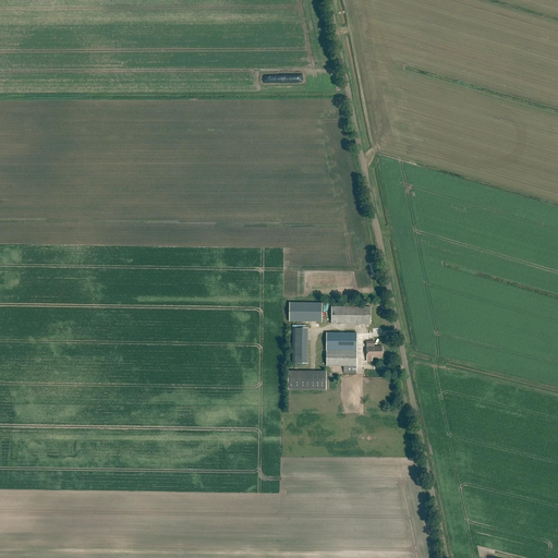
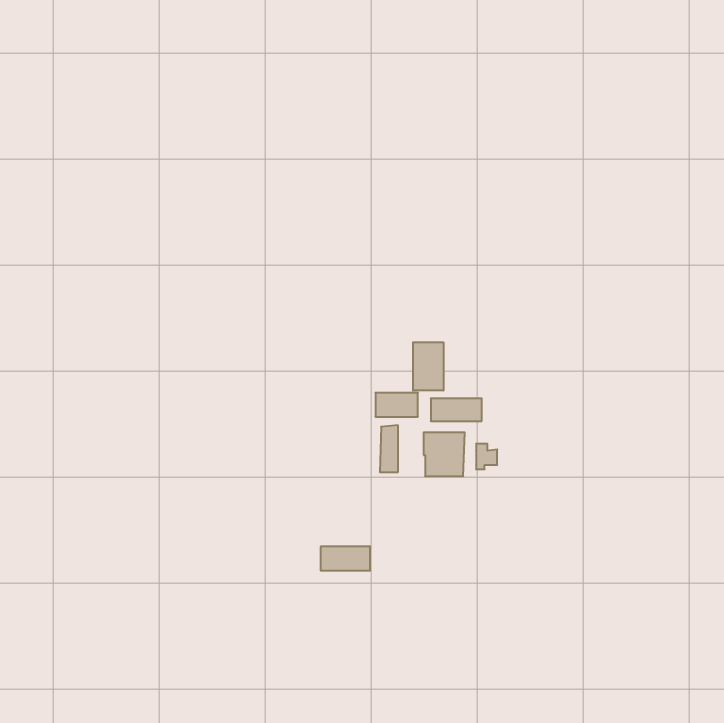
building: none -> [413,342,443,391]
building: [288,371,326,389] -> [321,547,370,571]

